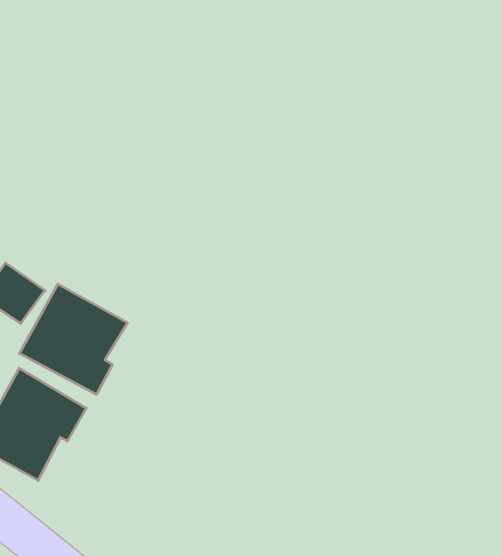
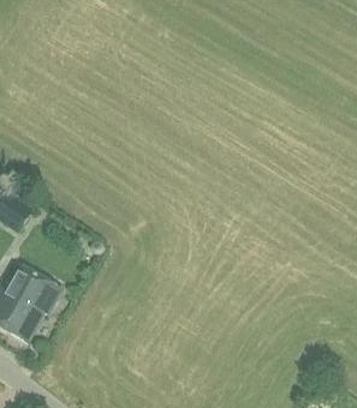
building: [19,284,127,394] -> none

